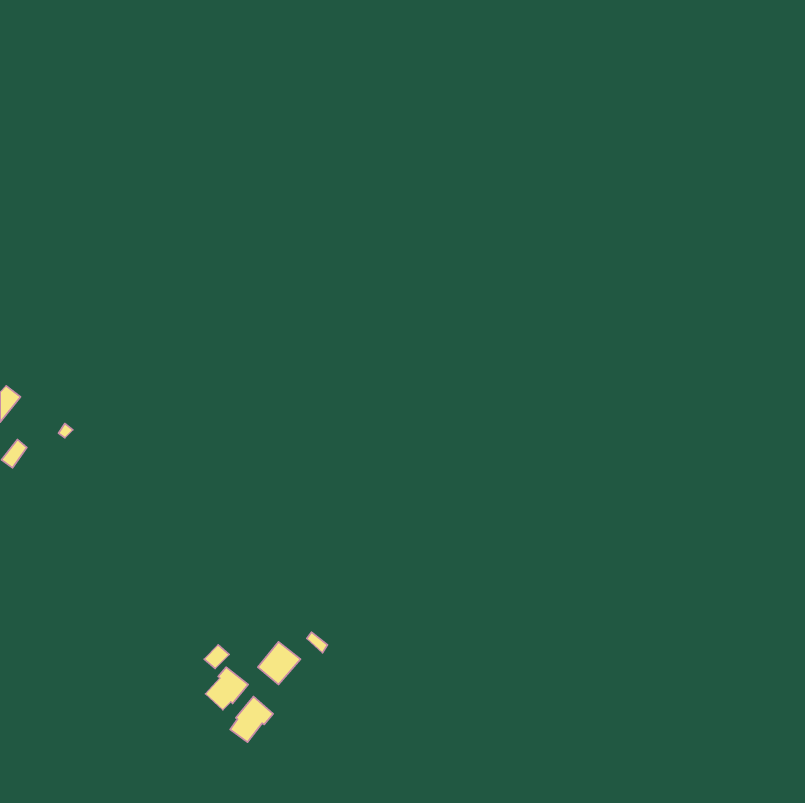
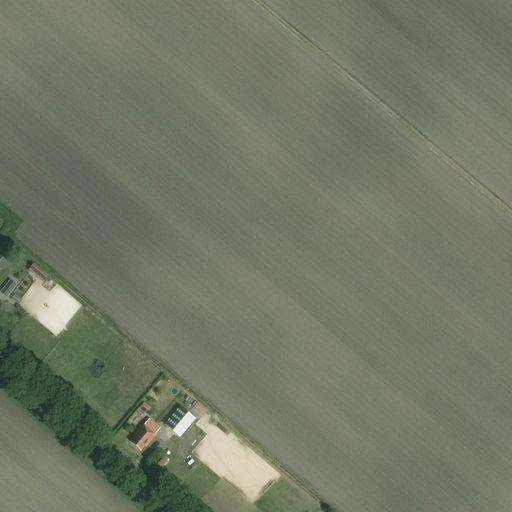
building: [230,696,273,742] -> none

